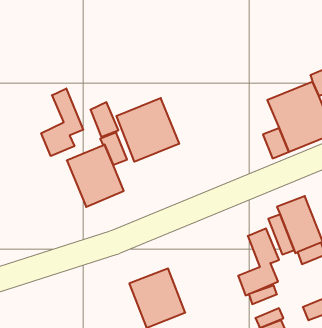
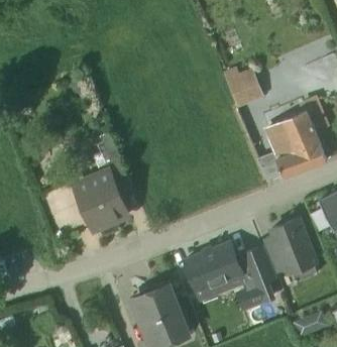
building: none -> [226,71,262,107]
building: [41,88,83,156] -> none
building: [116,98,179,162] -> none
building: none -> [186,244,252,298]

